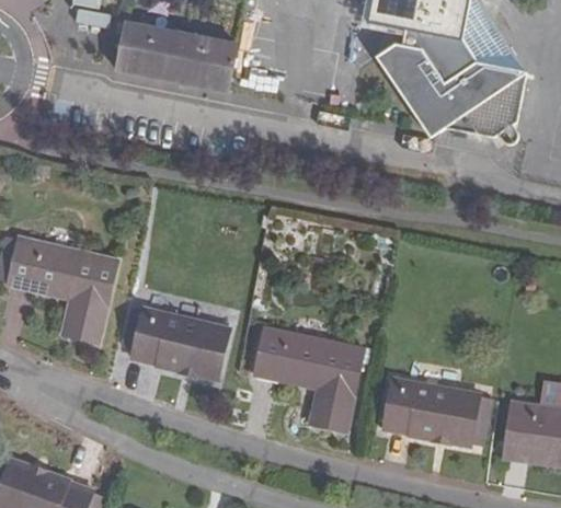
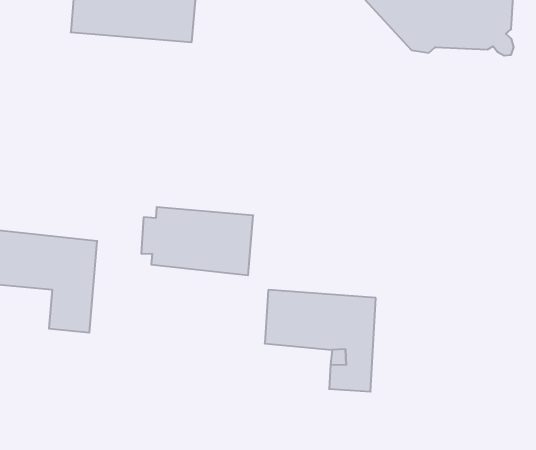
building: [123,308,229,381] -> [141,207,253,275]
building: [382,378,479,446] -> none

